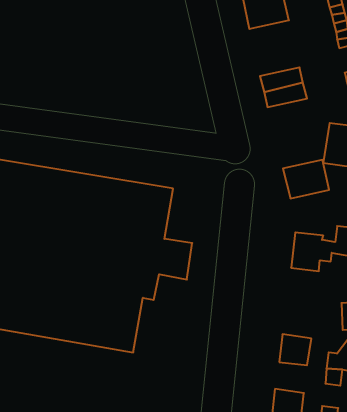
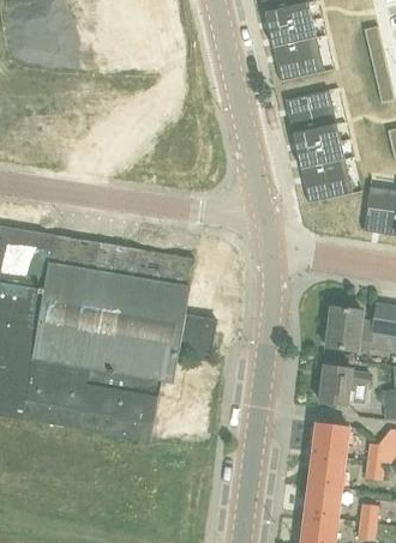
building: none -> [284,88,336,132]
building: [283,160,329,198] -> [300,157,352,200]
building: none -> [319,364,371,405]
building: none -> [308,452,344,487]

